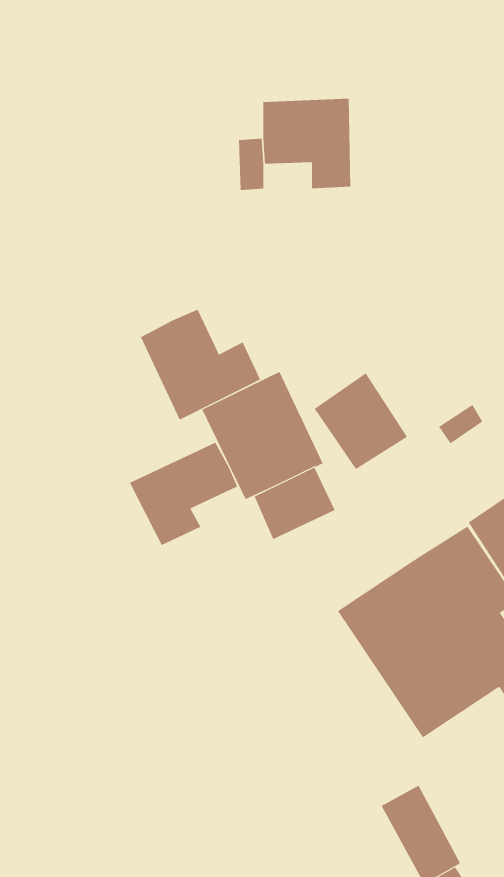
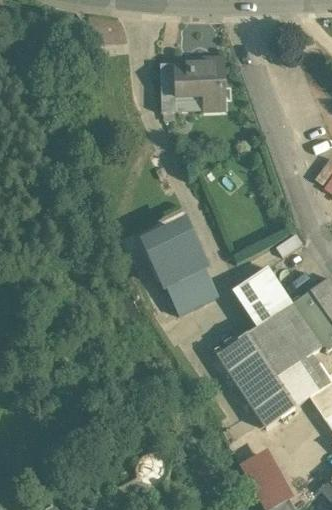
building: [140,309,261,420] -> none
building: [314,372,408,470] -> [238,267,292,323]
building: [129,442,238,546] -> none

